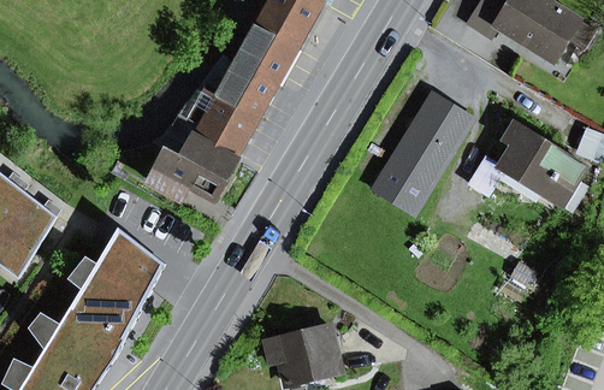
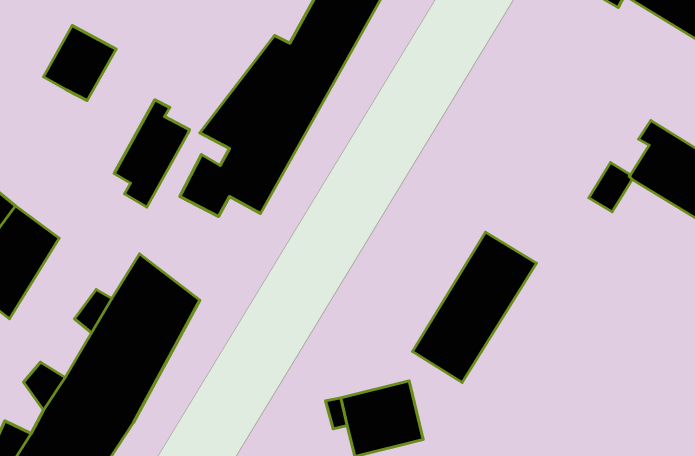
building: none -> [43,25,116,101]
building: [374,95,470,212] -> [413,232,537,383]
building: none -> [114,100,189,207]

